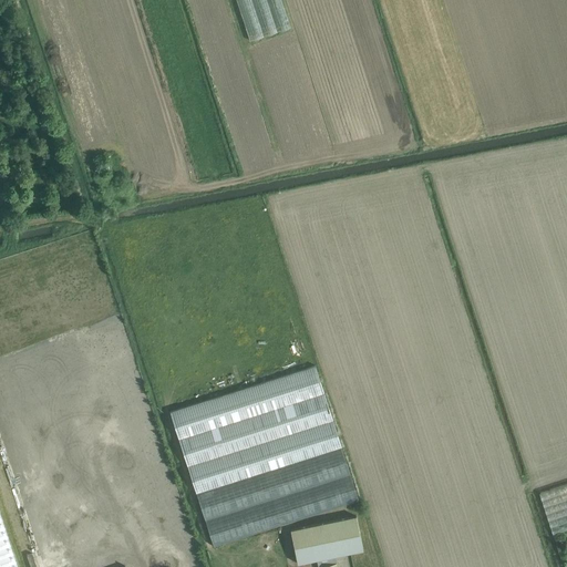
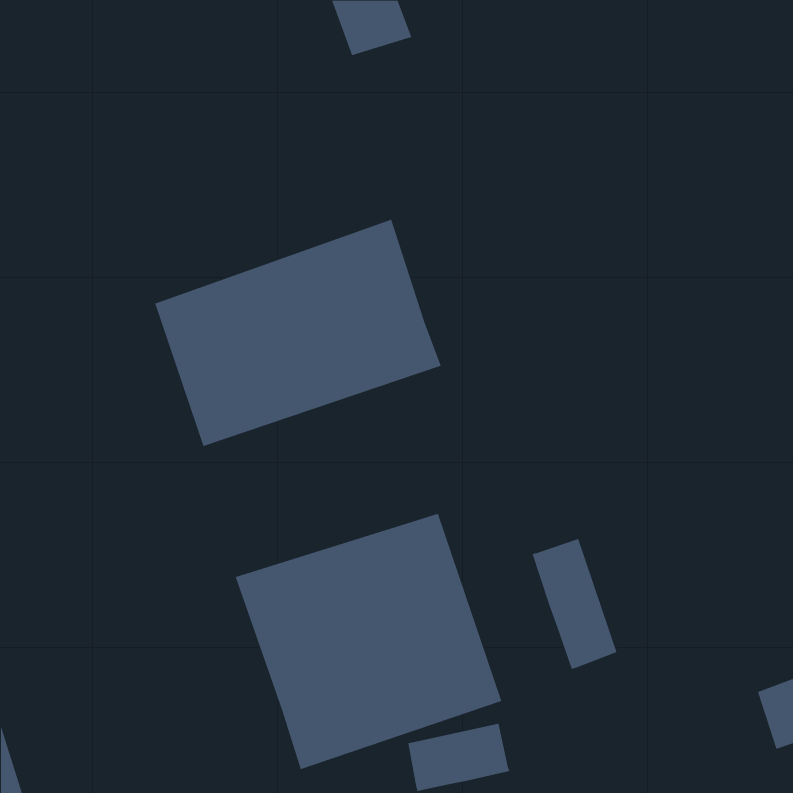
building: none -> [154,219,441,447]
building: none -> [532,538,617,670]

